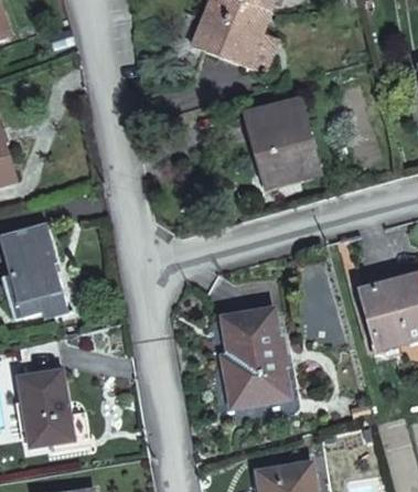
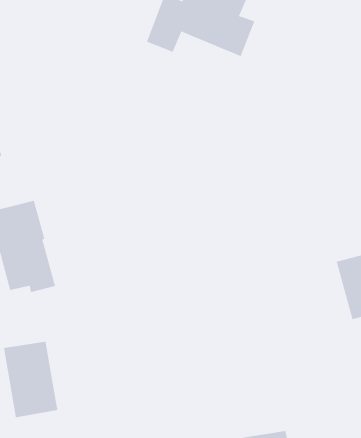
building: [249,101,319,182] -> none
building: [223,306,286,403] -> none

